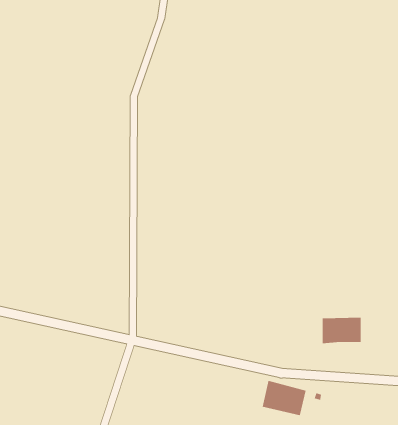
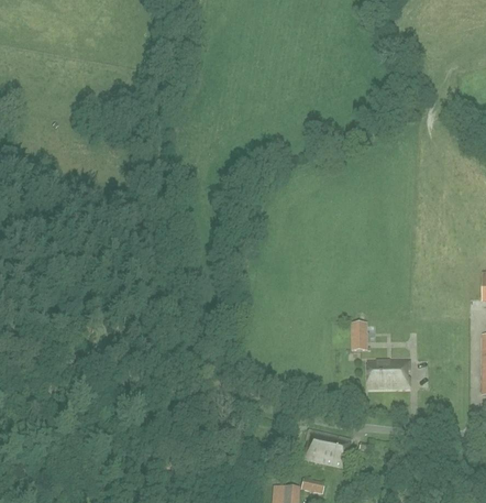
building: none -> [350,321,367,350]

